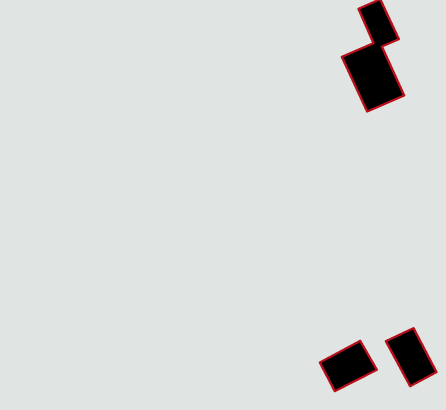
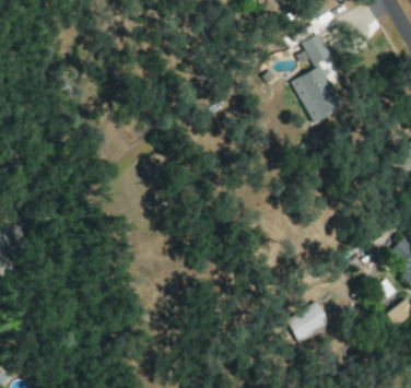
building: [386,328,437,386] -> none

